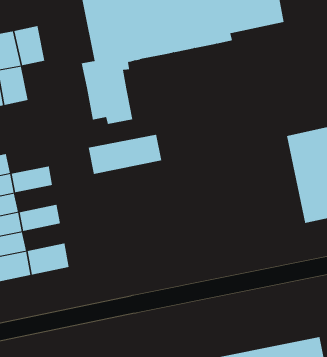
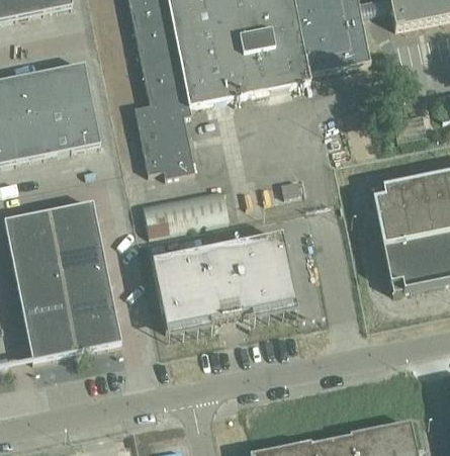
building: none -> [65,102,100,148]
building: none -> [48,200,97,233]
building: none -> [149,233,295,328]
building: none -> [57,246,106,277]
building: none -> [66,290,115,322]

